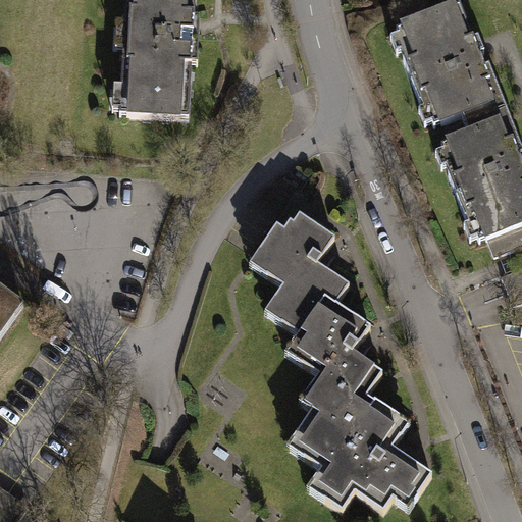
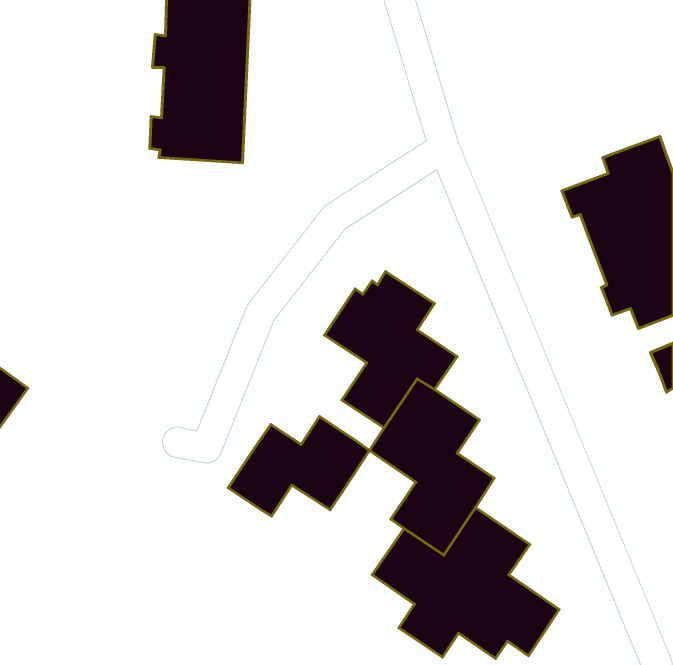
building: [388,5,508,121] -> none
building: none -> [228,417,370,516]

